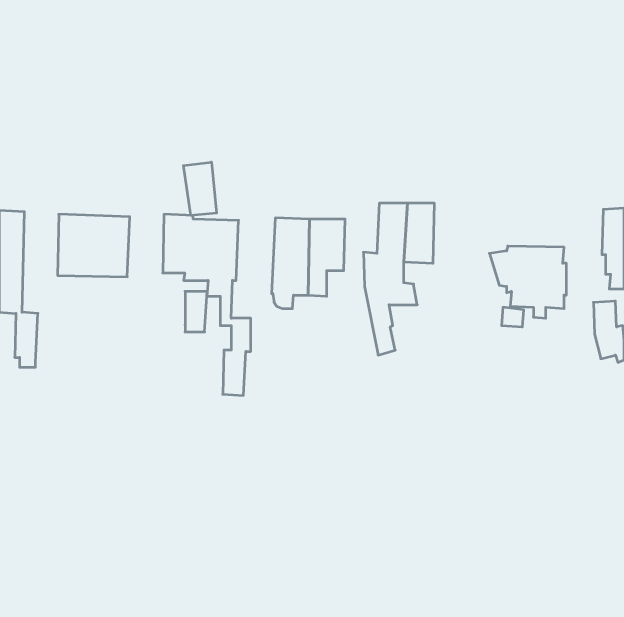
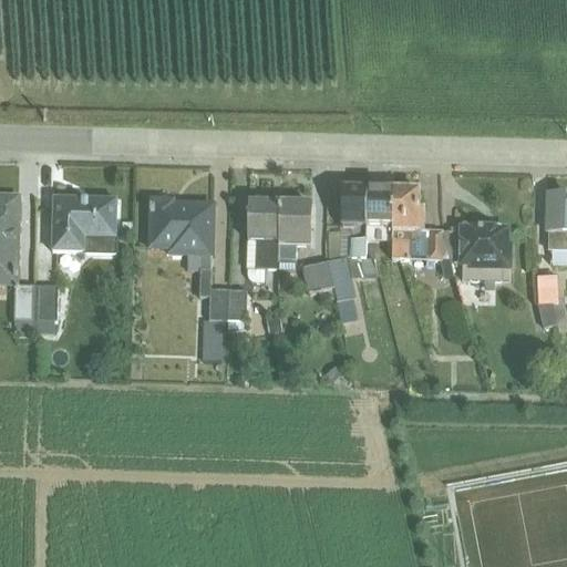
building: [183,162,217,215] -> none
building: none -> [391,184,454,277]
building: none -> [301,259,336,298]
building: [185,291,207,332] -> [227,288,247,324]
building: none -> [32,284,58,329]

